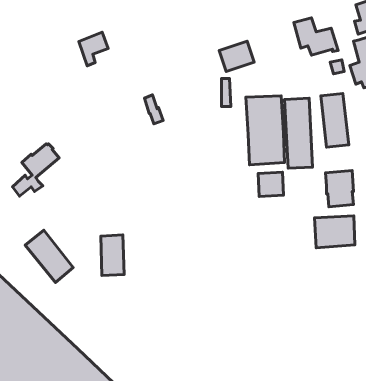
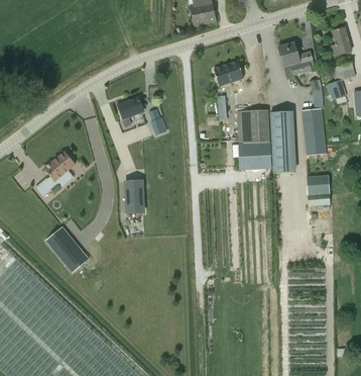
building: [79,32,108,66] -> [118,97,143,126]
building: [258,172,284,196] -> none
building: [314,216,355,248] -> none
building: [101,235,124,276] -> [124,179,144,214]

